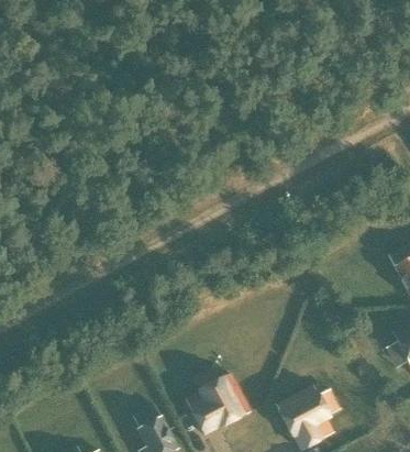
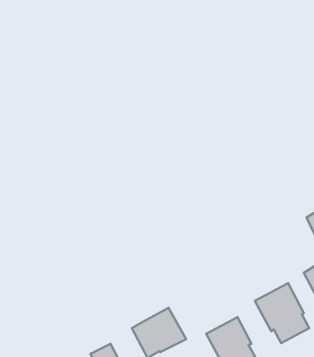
building: none -> [255,283,309,343]

